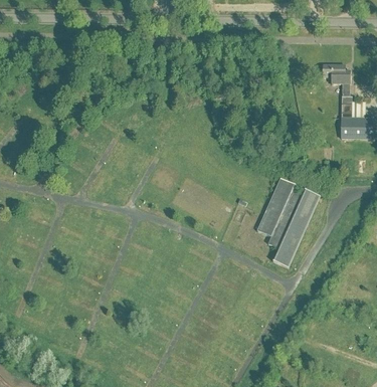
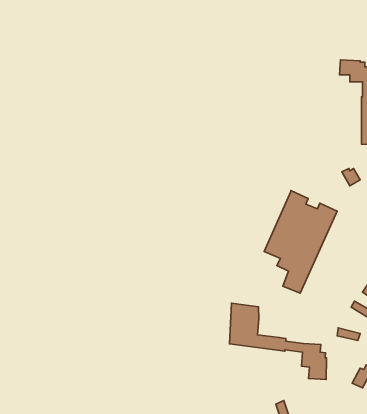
building: none -> [230,303,327,380]

